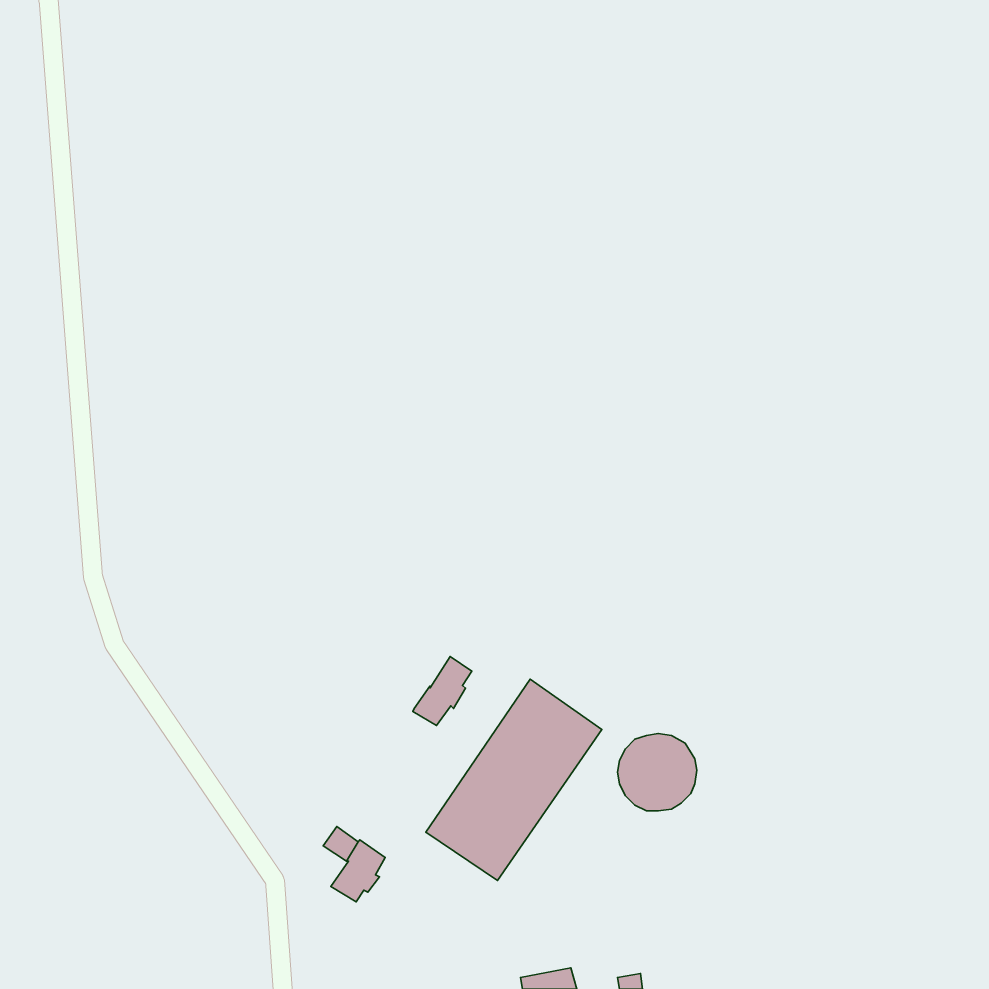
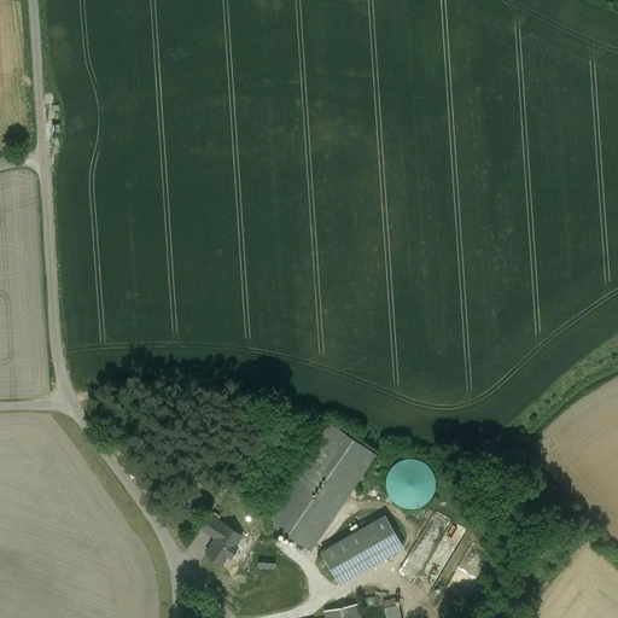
building: [413,656,472,725] -> none
building: none -> [321,515,403,583]

